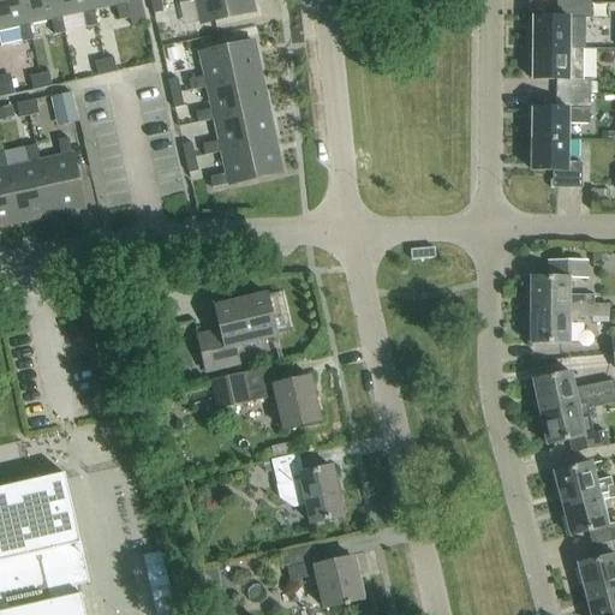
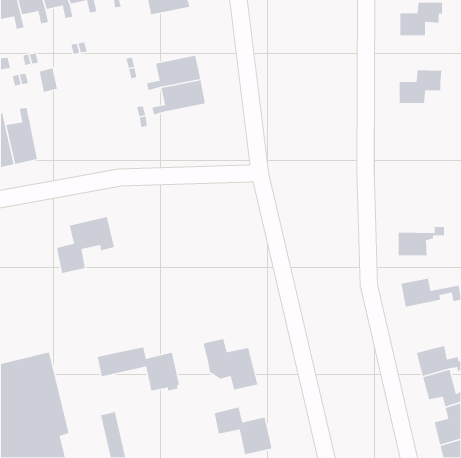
building: [187,40,261,89] -> none
building: [532,46,589,94] -> none
building: [40,136,83,213] -> none
building: [209,138,281,186] -> none
building: [530,138,581,187] -> none
building: [530,259,609,316] -> none
building: [198,291,276,368] -> [56,216,115,274]
building: [210,364,321,424] -> [97,347,180,392]
building: [539,390,607,450] -> none

